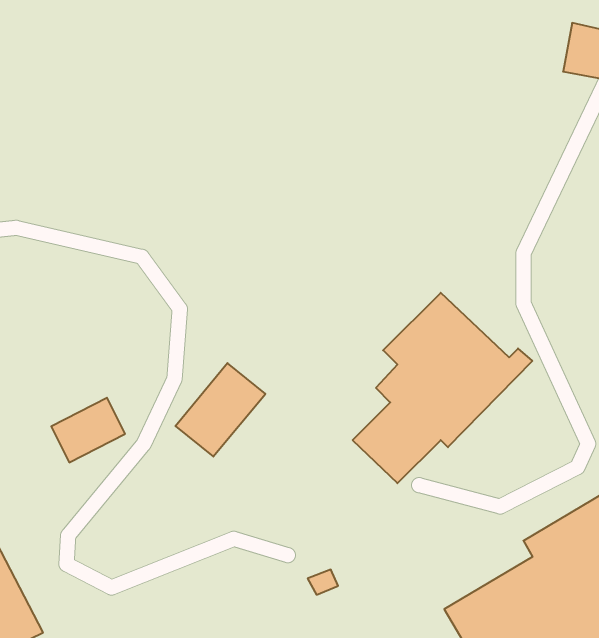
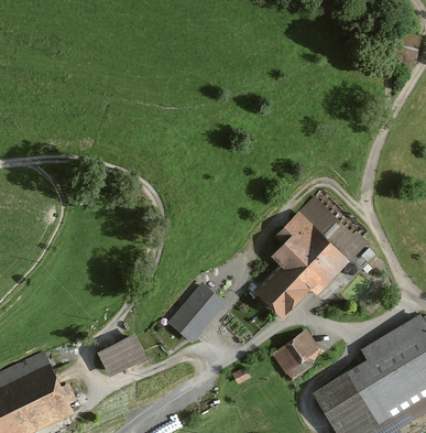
building: [175,363,265,457] -> [167,284,222,342]
building: [51,398,125,462] -> [100,335,145,375]
building: none -> [271,333,316,380]

